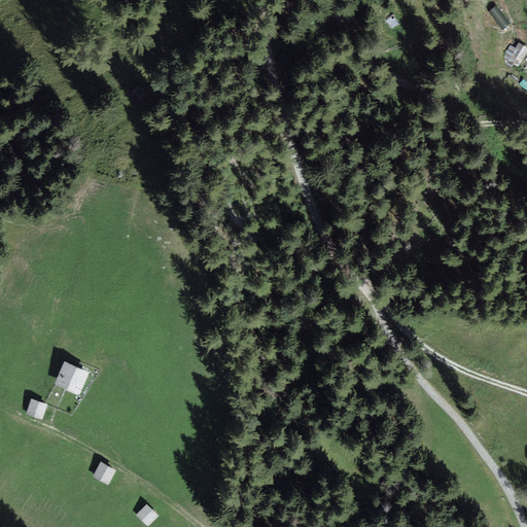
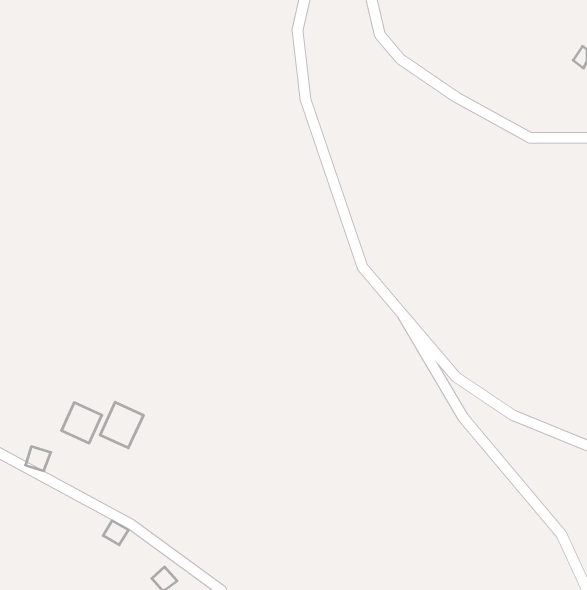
building: none -> [100,402,143,448]

